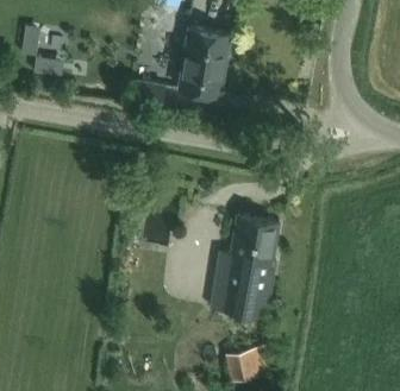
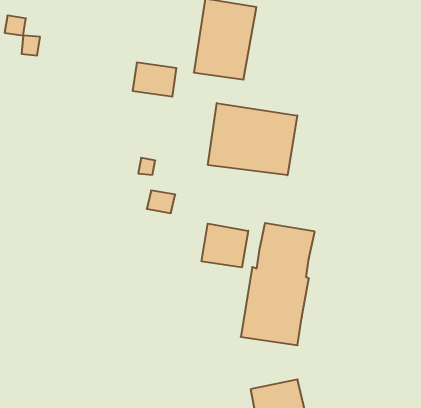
building: none -> [208,103,297,175]
building: none -> [202,224,248,267]

